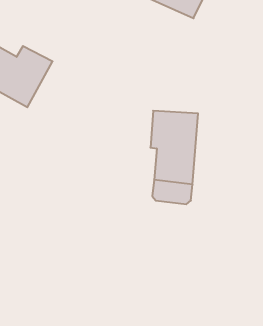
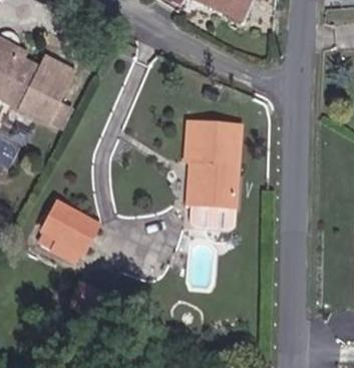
building: none -> [44,198,100,253]

